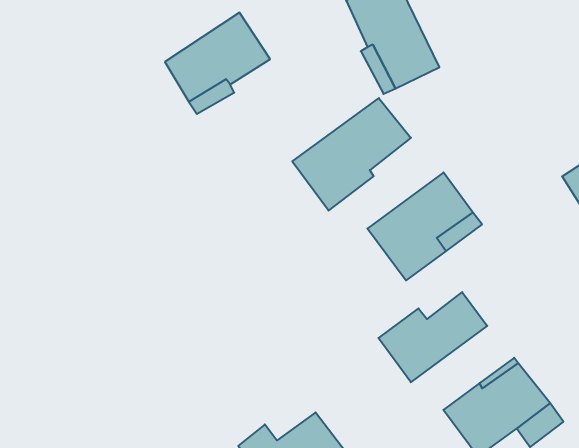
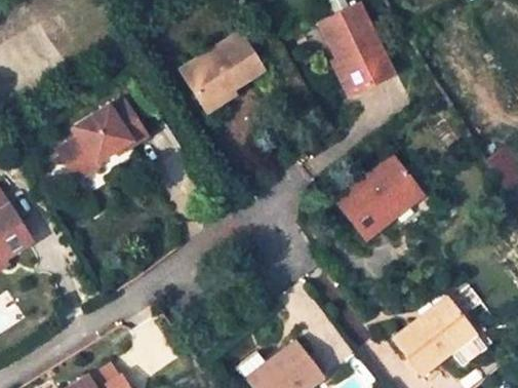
building: [292,98,411,211] -> none
building: none -> [59,103,147,179]
building: [378,292,487,382] -> none

